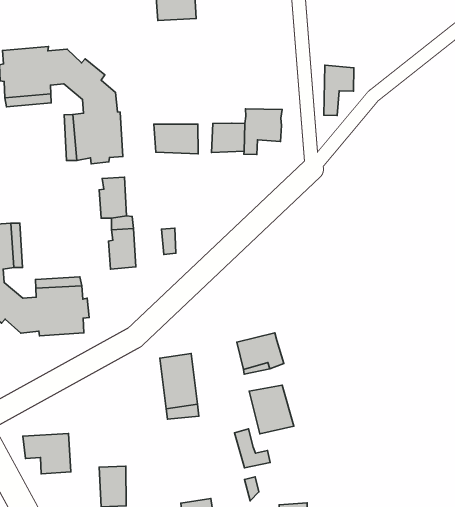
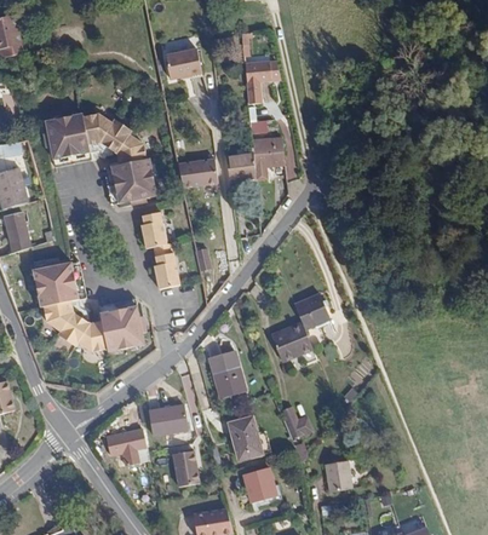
building: [324,65,354,115] -> [245,62,271,104]
building: none -> [294,293,329,329]
building: [249,385,294,434] -> none
building: none -> [149,405,186,435]
building: none -> [229,416,262,460]

